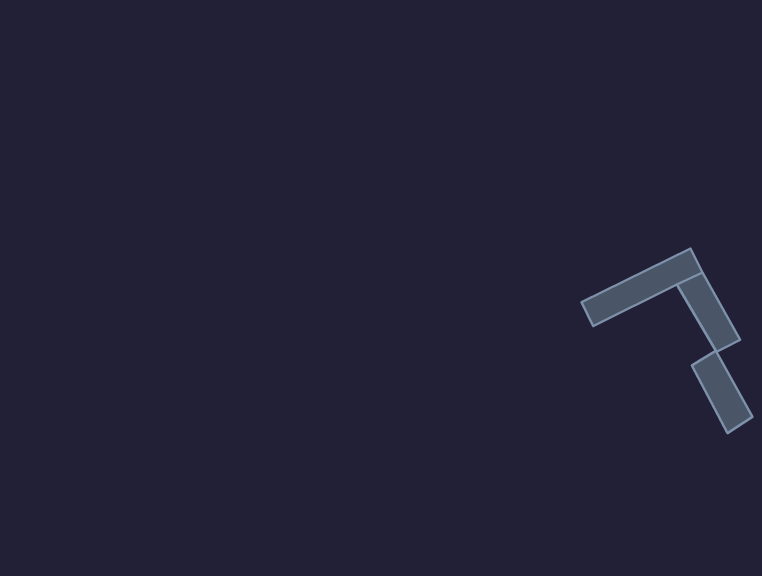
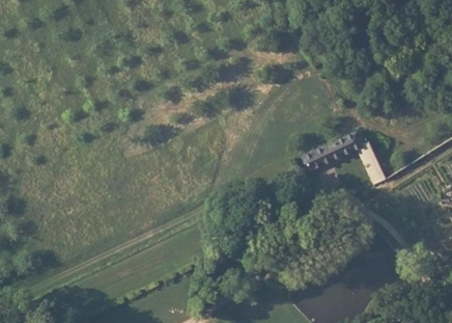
building: [692,351,753,433] -> none

